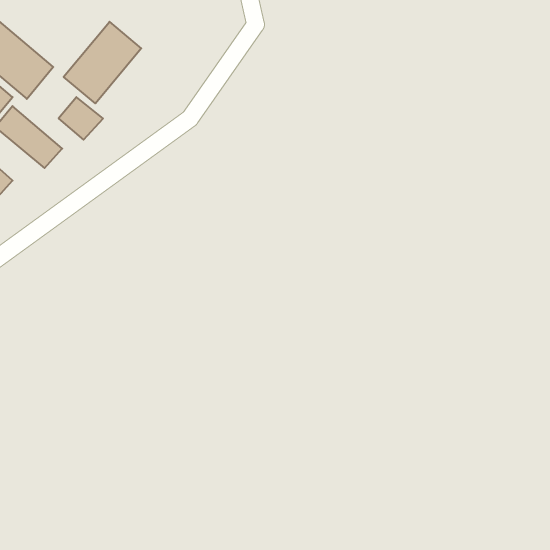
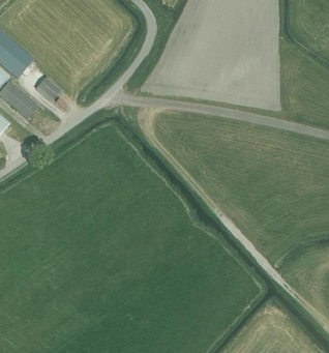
building: [64,22,141,103] -> none

